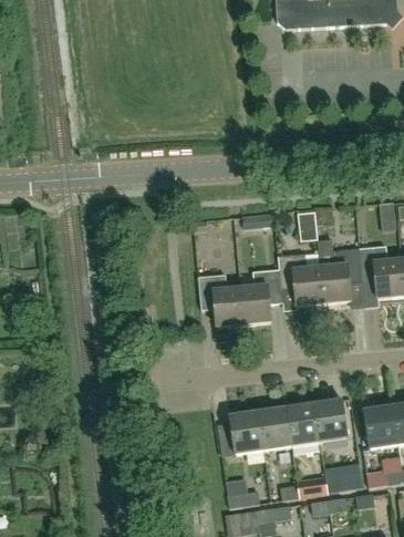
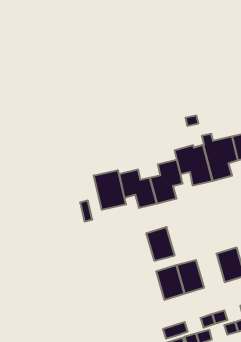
building: none -> [94,170,126,210]
building: [286,403,320,446] -> [146,227,175,261]

